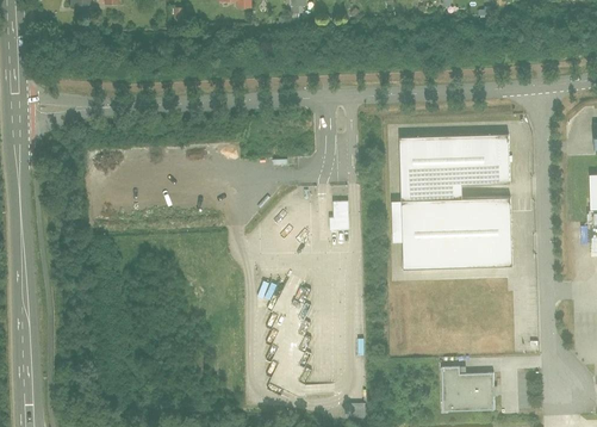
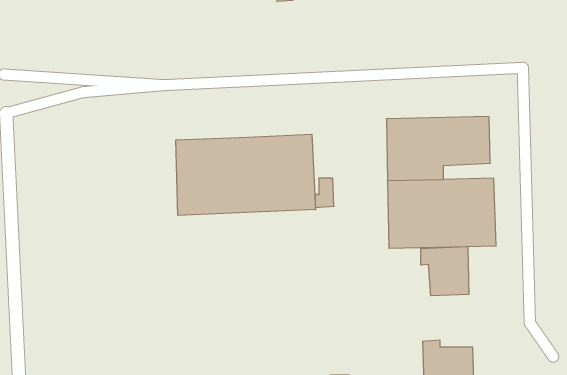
building: none -> [176,134,315,215]
building: none -> [421,246,469,296]

